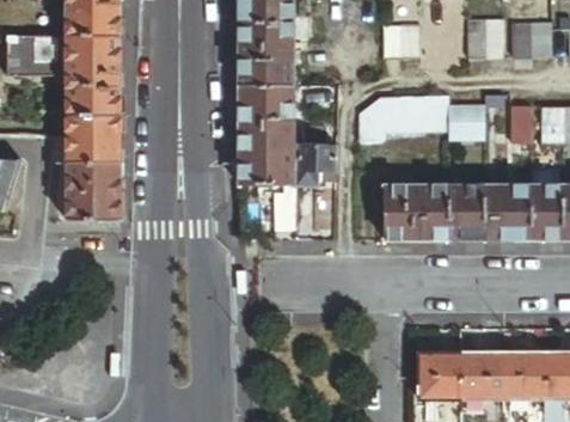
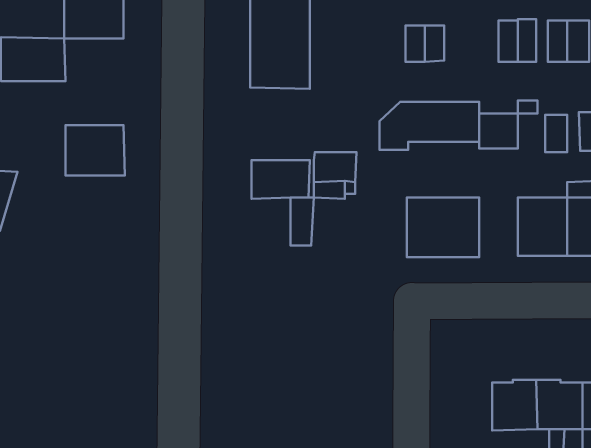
building: [66,37,121,117] -> none
building: [238,82,293,149] -> none
building: [67,164,122,222] -> none
building: [449,184,485,239] -> none
building: [418,353,461,399] -> none

